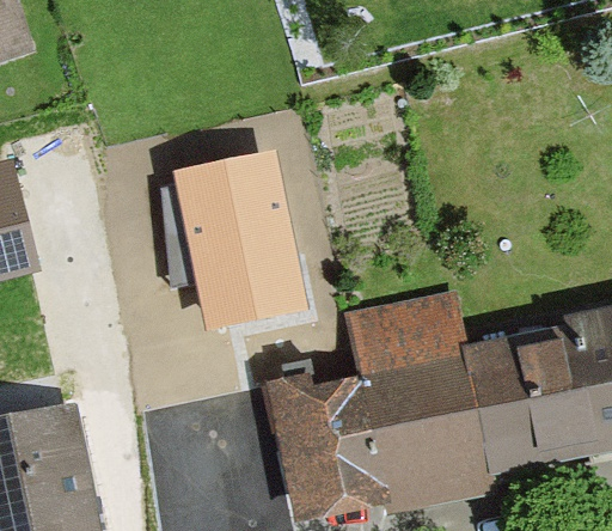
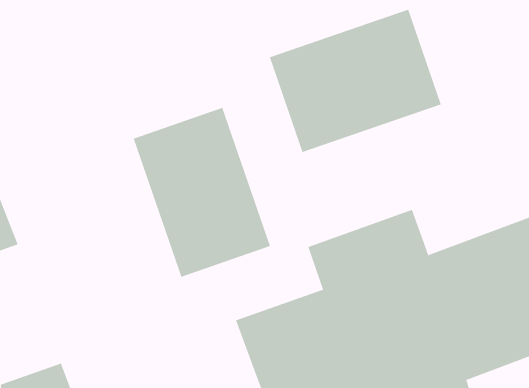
building: none -> [269,9,441,153]

